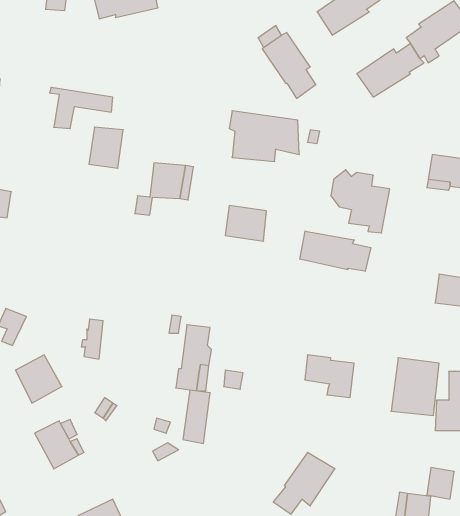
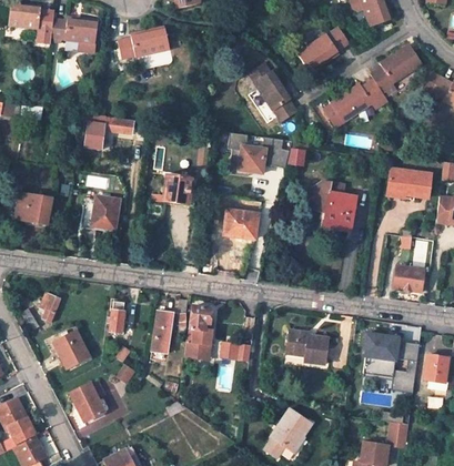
building: [89,127,123,168] -> [90,196,118,230]
building: [300,231,371,271] -> none
building: [183,390,210,444] -> [151,311,173,354]

